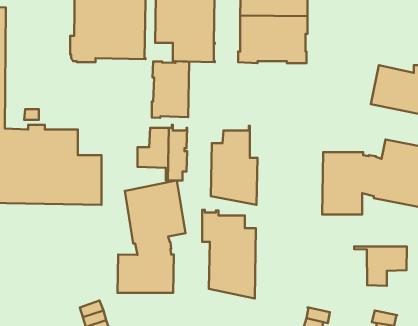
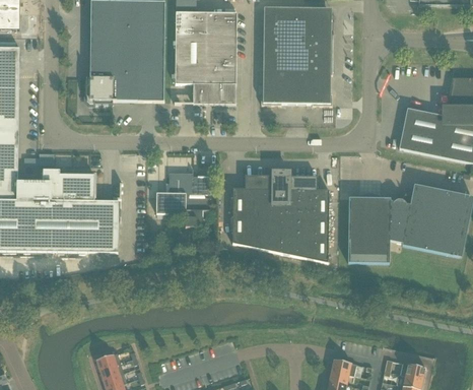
building: [152,61,189,118] -> none
building: [118,180,185,293] -> none
building: [202,210,256,299] -> [273,170,329,262]
building: [354,247,407,286] -> none

